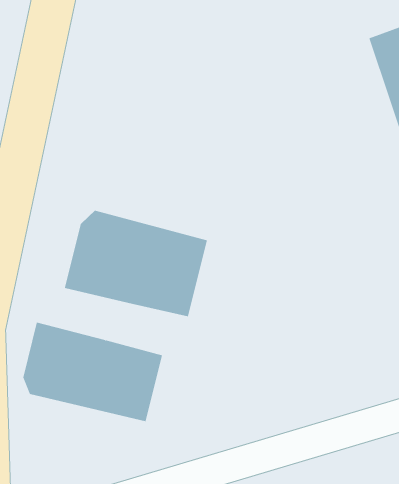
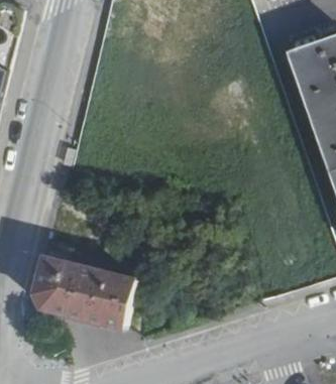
building: [64,210,207,317] -> none

